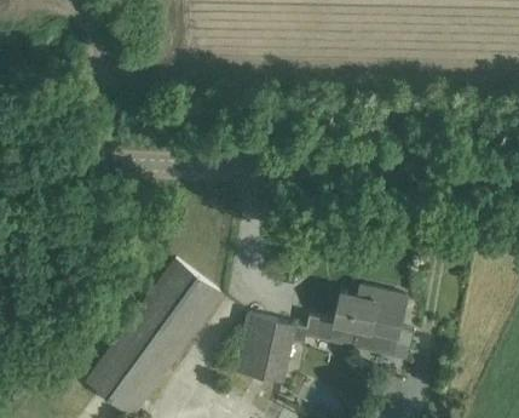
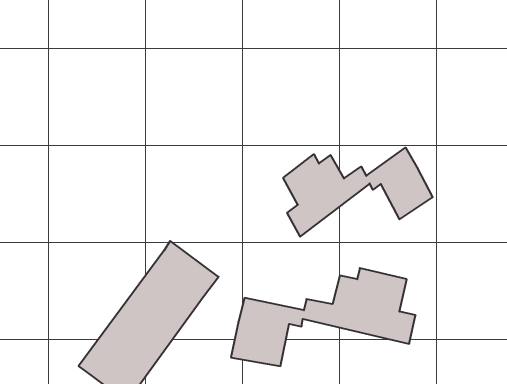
building: none -> [283,148,433,237]

